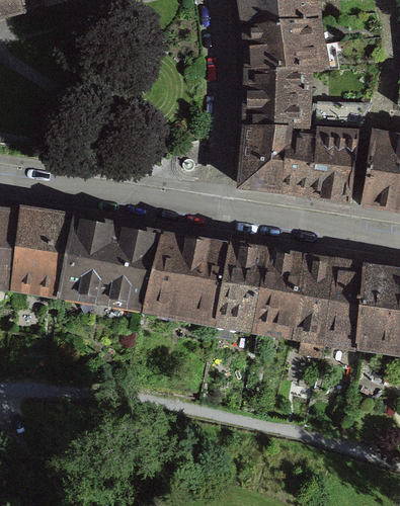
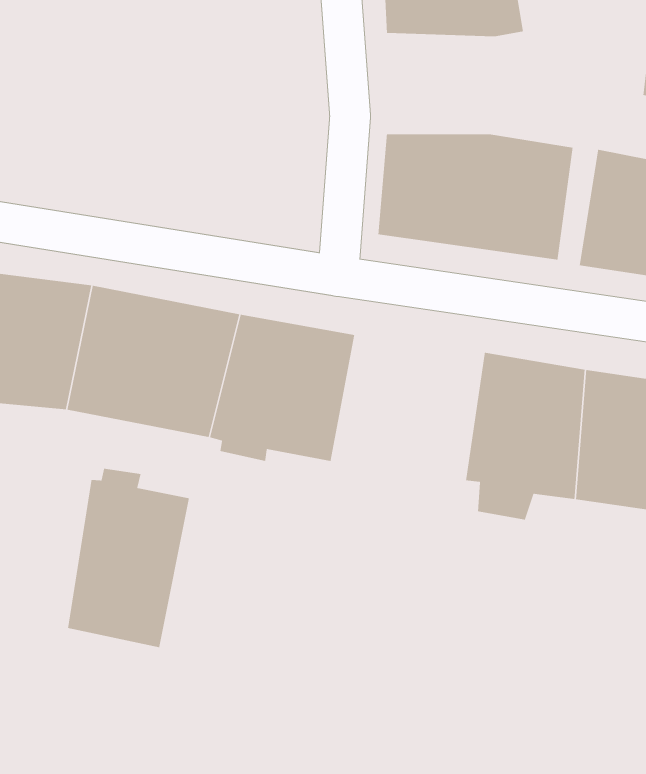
building: [246,67,310,125] -> none
building: [213,244,304,352] -> none
building: none -> [67,468,190,648]

